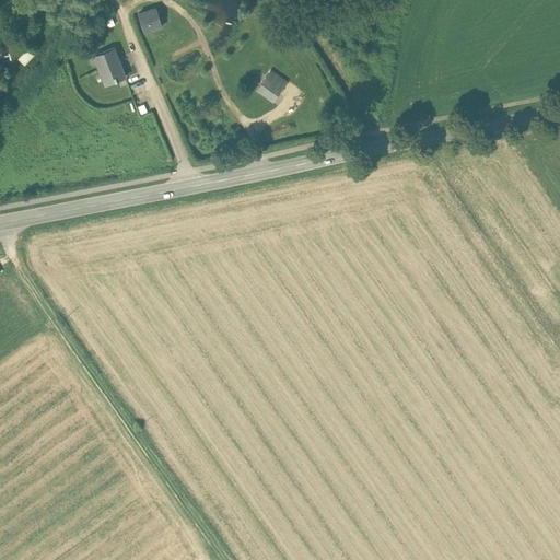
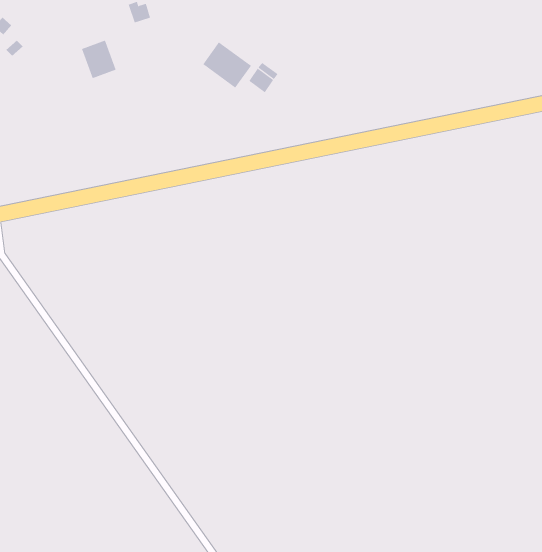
building: none -> [202,42,252,88]

